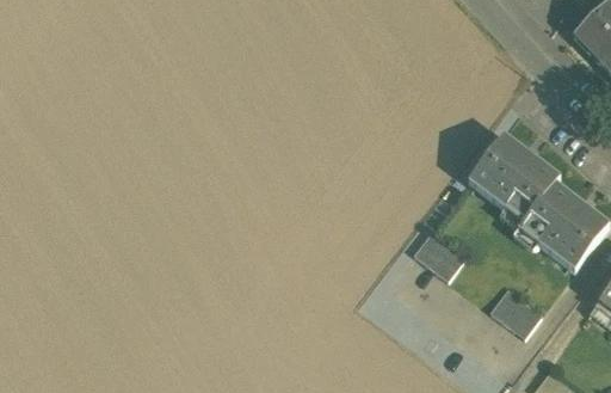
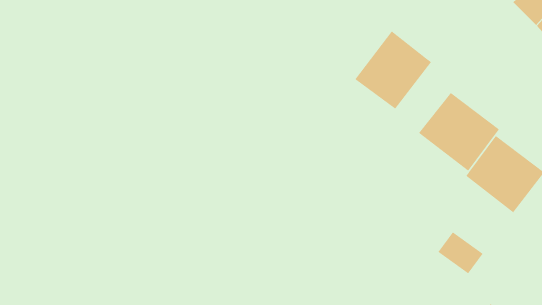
building: none -> [354,30,432,110]
building: [414,232,465,280] -> none

